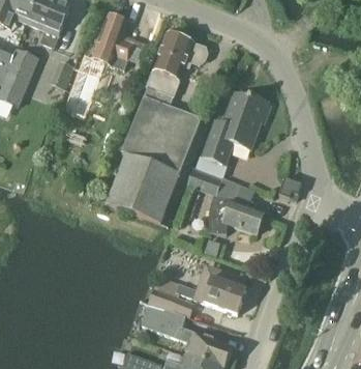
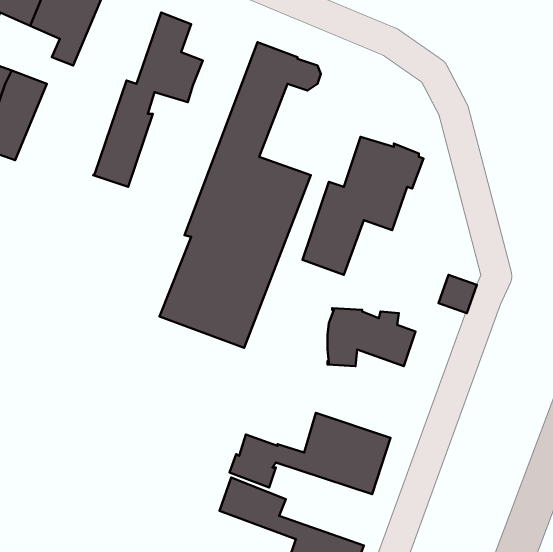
building: [186,166,221,195] -> none

